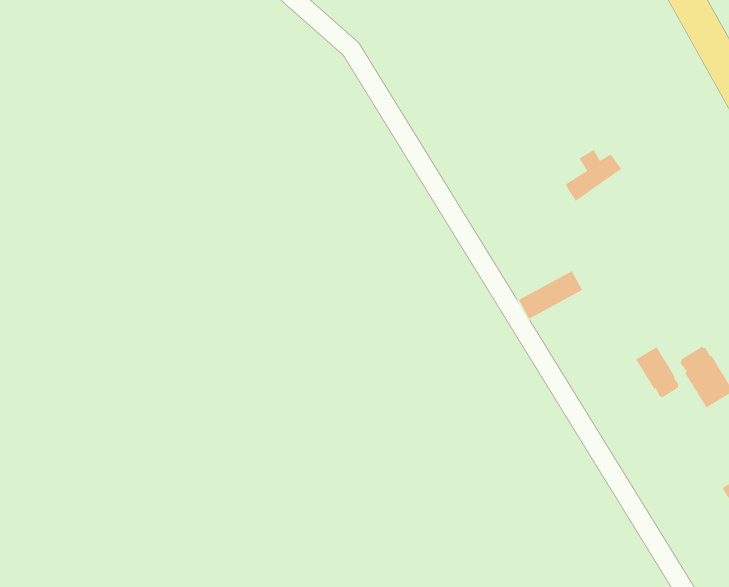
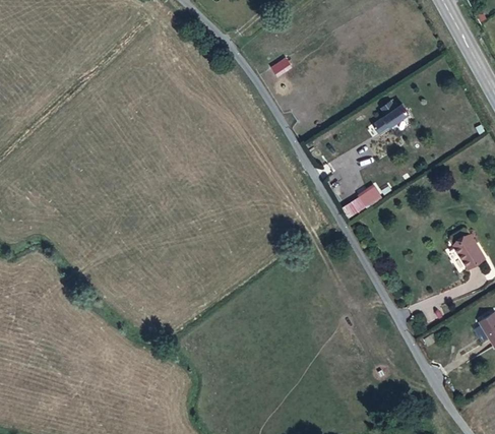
building: [635,346,679,398] -> none

